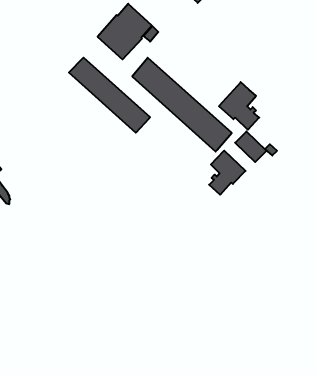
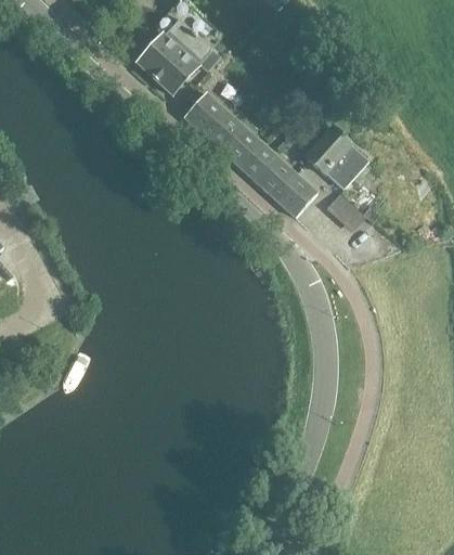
building: [69,58,150,133] -> none
building: [209,151,246,195] -> none

